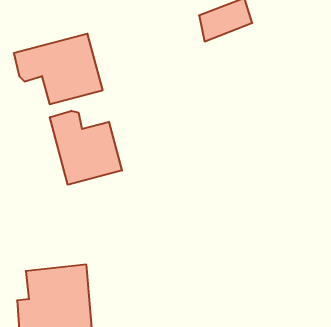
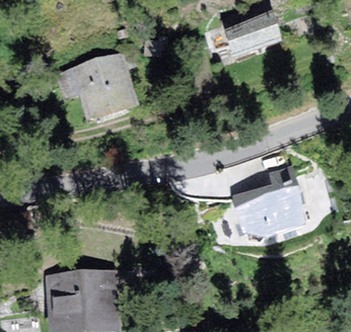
building: [50,111,122,185] -> none
building: none -> [230,168,312,241]

